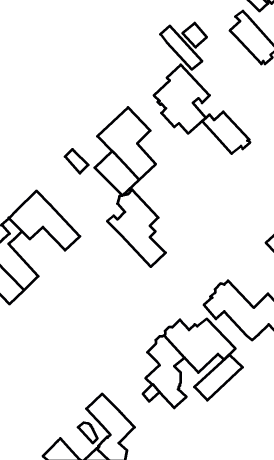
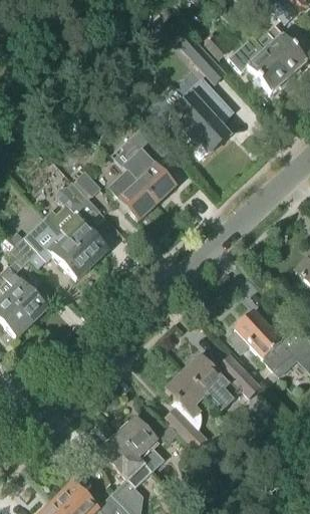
building: [202,112,250,154] -> [239,47,291,92]
building: [107,190,166,267] -> [46,181,109,264]
building: [194,355,243,400] -> none
building: none -> [117,418,165,471]

